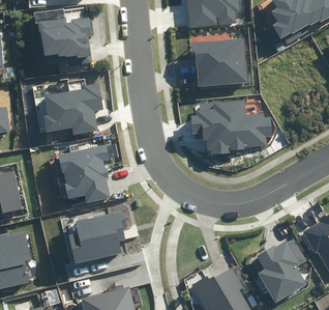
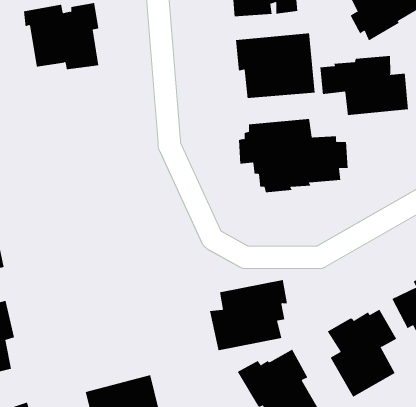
building: none -> [320,55,409,116]
building: [42,84,102,135] -> none
building: [58,145,109,203] -> none
building: [68,212,125,263] -> [209,279,288,351]

